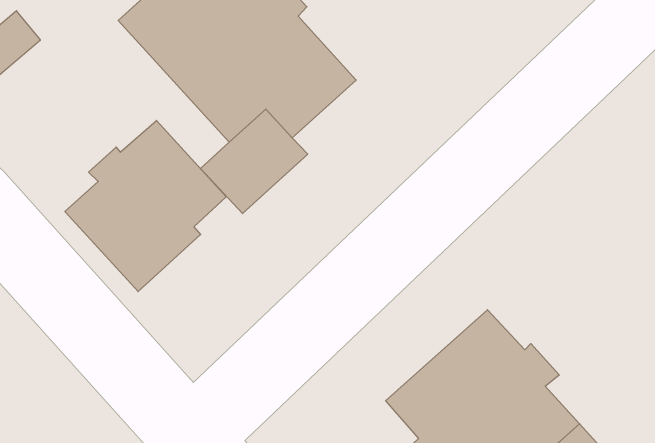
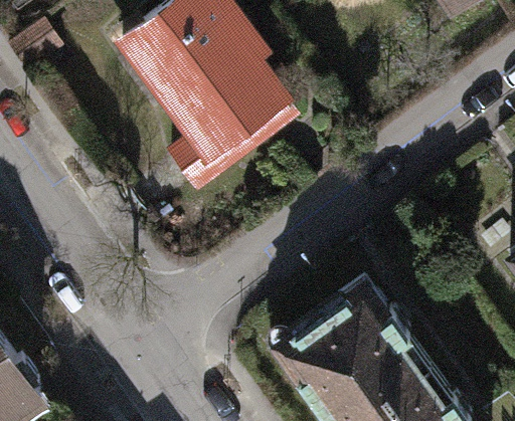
building: [65,120,226,292] -> none

